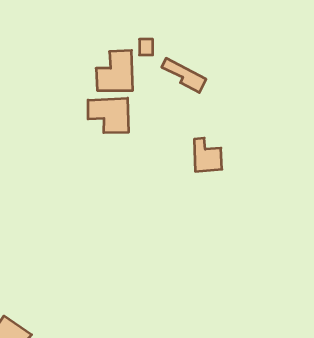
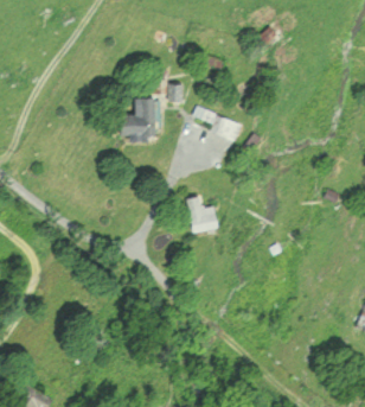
building: [88,98,128,133] -> none
building: [194,138,222,171] -> [188,198,218,234]

